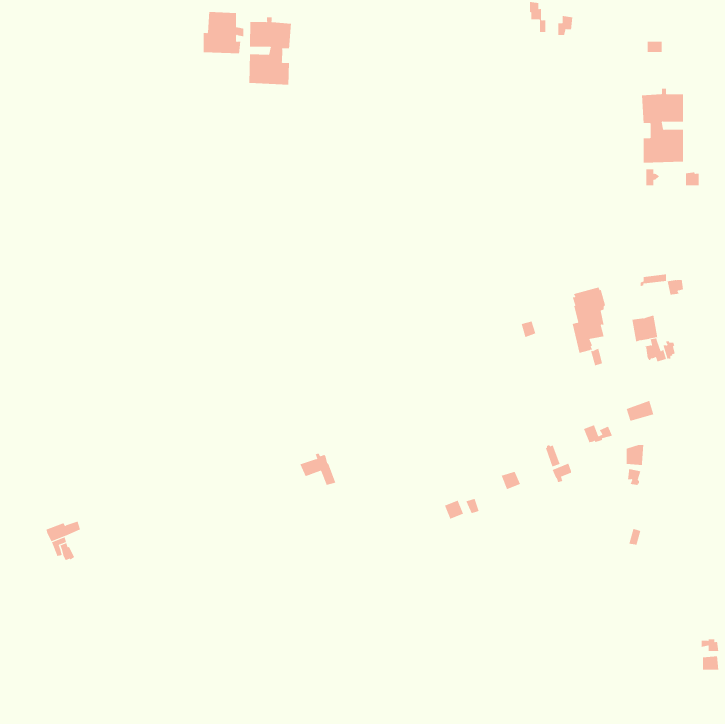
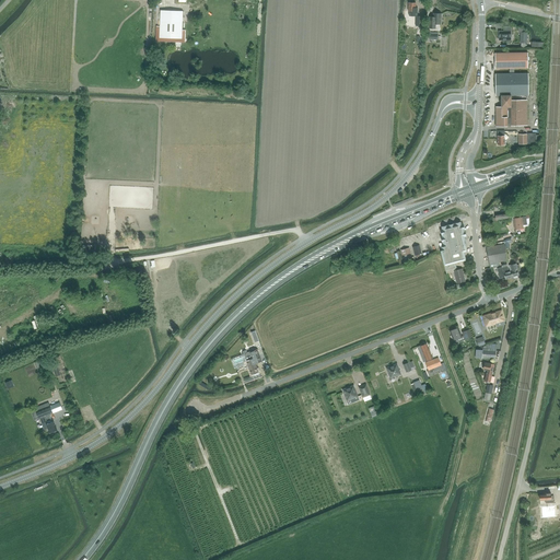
building: [249,16,291,86] -> none
building: none -> [495,51,528,69]

